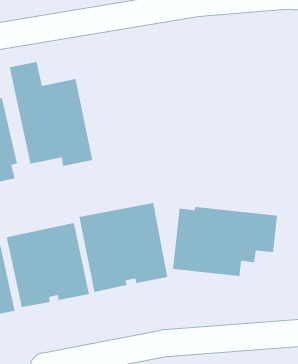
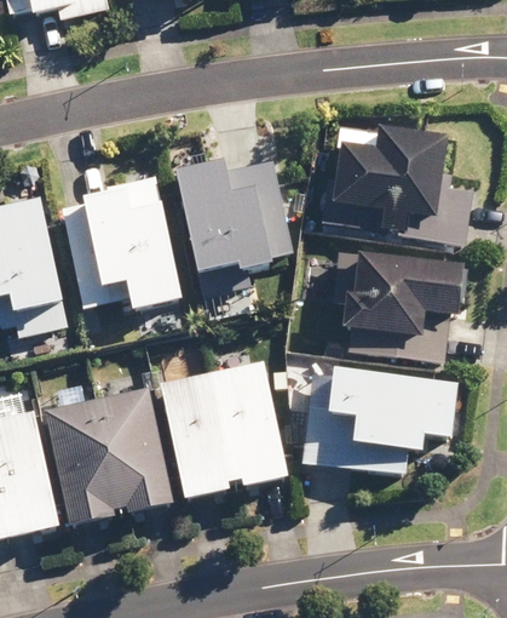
building: none -> [313,122,467,241]
building: none -> [173,156,294,273]
building: none -> [329,250,463,359]

